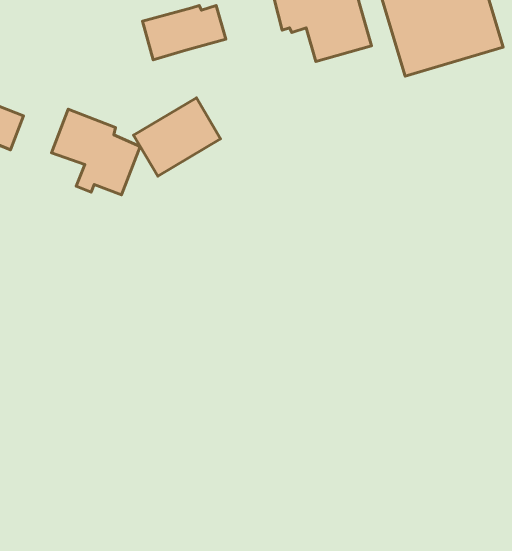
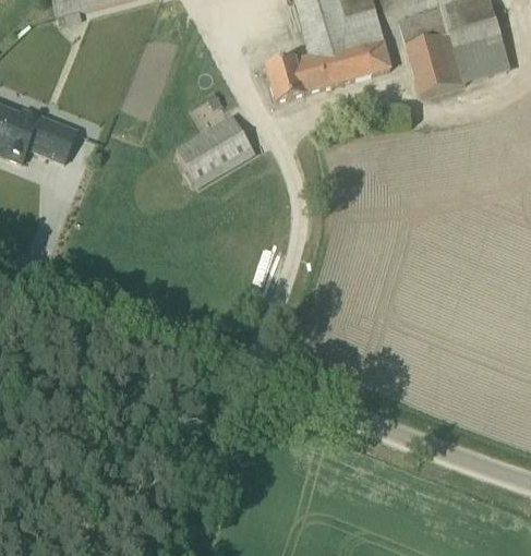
building: [142,5,226,60] -> [265,50,340,99]
building: [51,109,140,195] -> none

